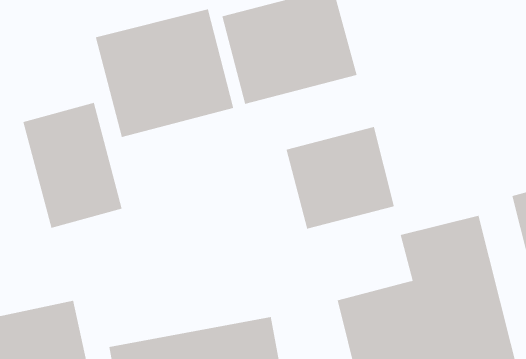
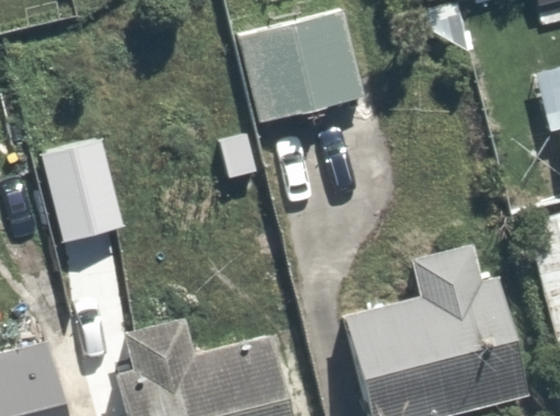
building: [95,9,234,138] -> none
building: [286,126,394,229] -> none

